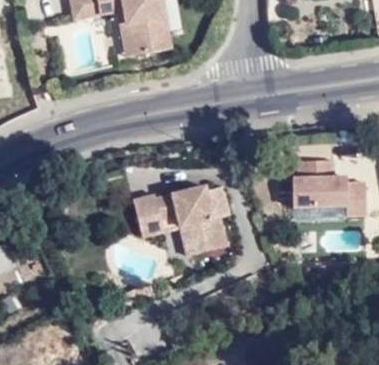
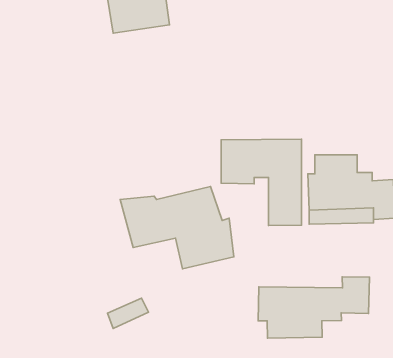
building: none -> [221,139,302,226]
building: none -> [258,277,369,338]

